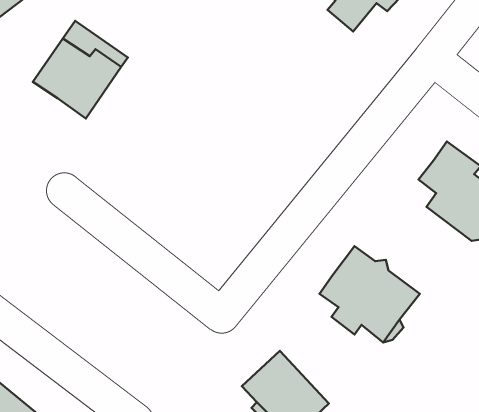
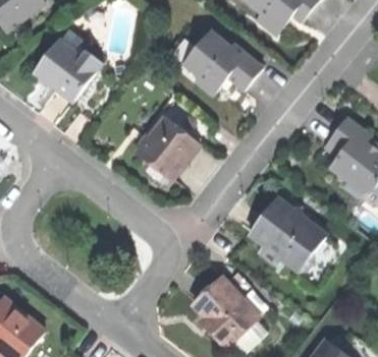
building: none -> [187,33,262,97]
building: none -> [138,117,199,178]

